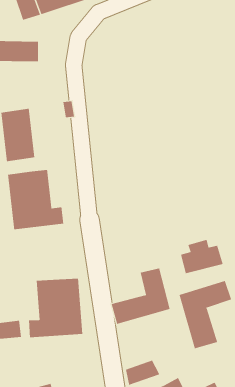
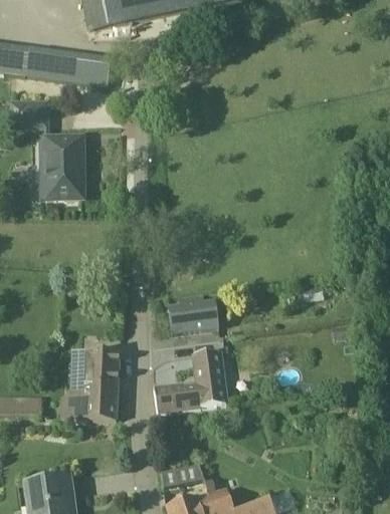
building: [7,169,64,230] -> none
building: [180,239,223,274] -> [169,294,220,333]
building: [179,280,232,349] -> none

